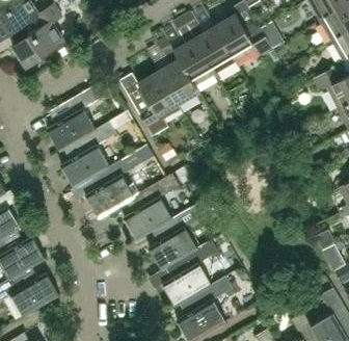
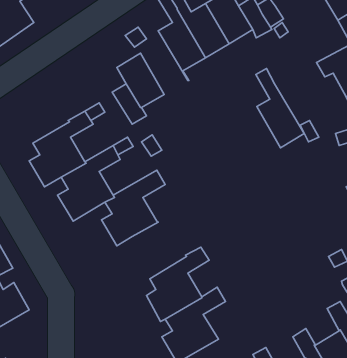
building: [156,37,198,107] -> [256,69,304,148]
building: [46,85,101,152] -> none
building: [147,200,211,271] -> none

